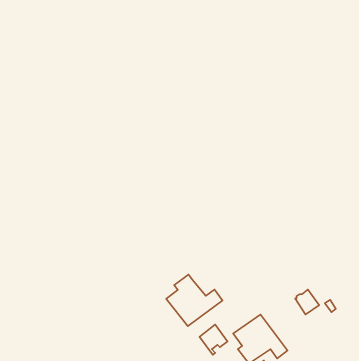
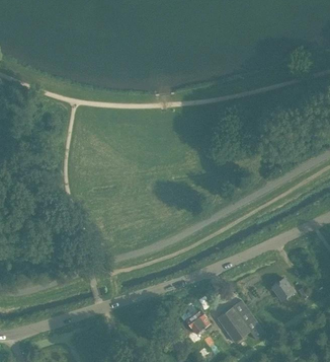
building: [166,275,222,326] -> none

